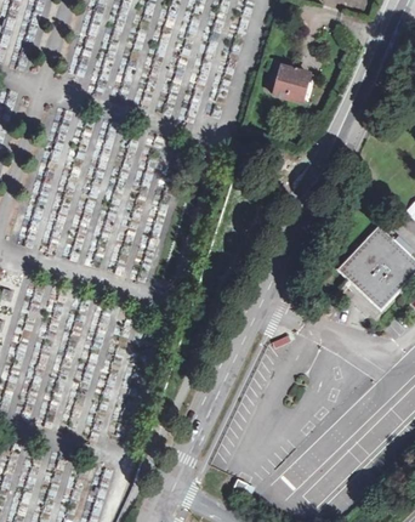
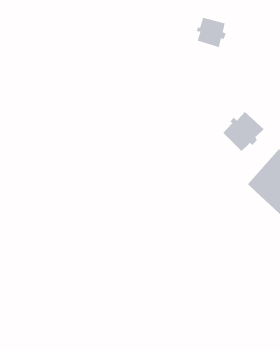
building: none -> [223,111,264,152]

